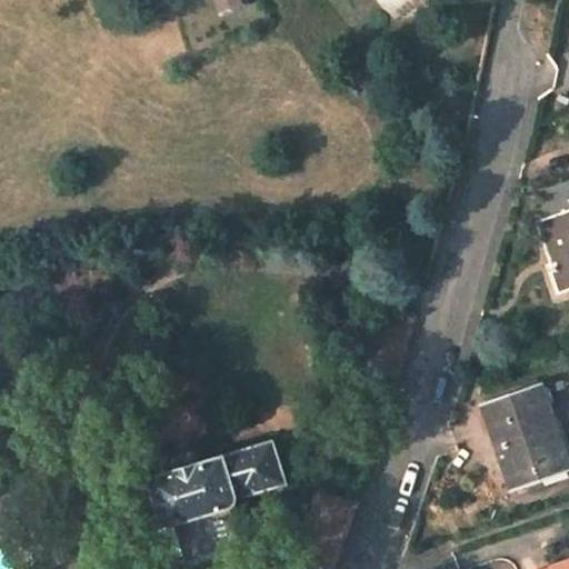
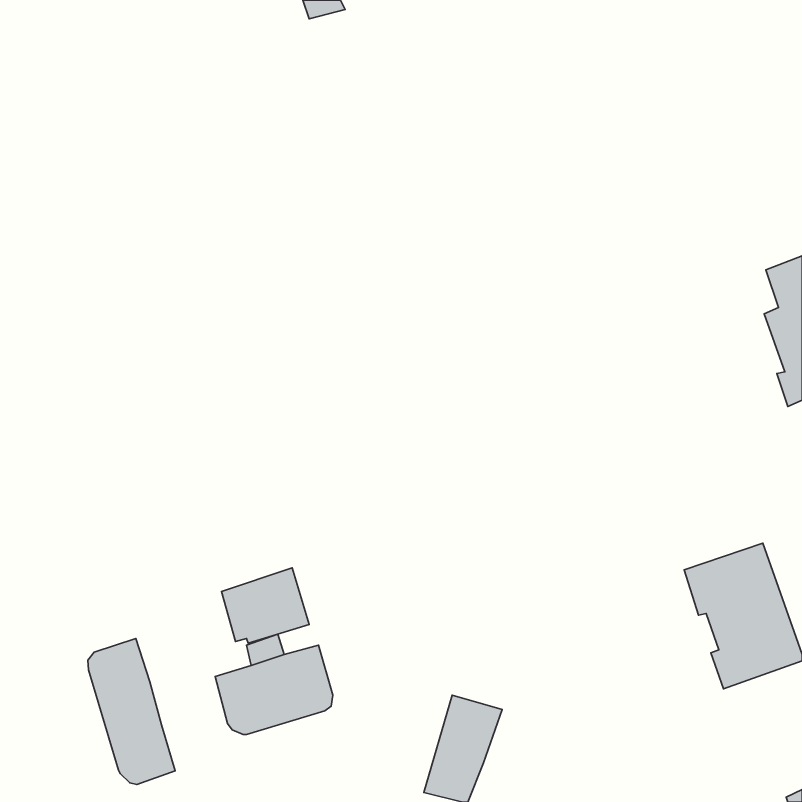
building: [226,440,288,493] -> [221,568,309,643]
building: none -> [88,638,175,785]

